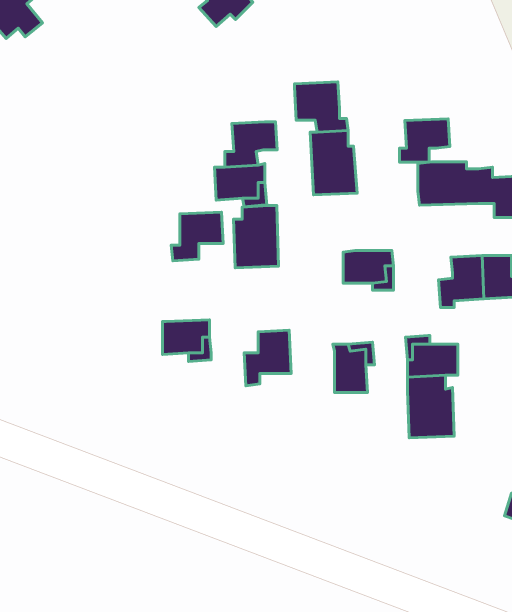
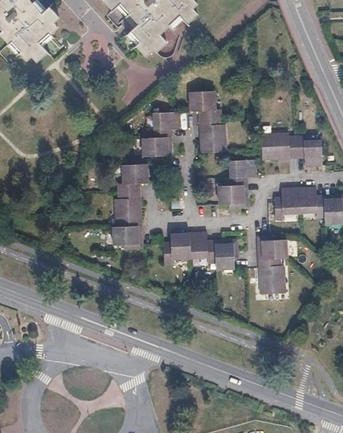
building: [400,119,450,162] -> [225,160,254,185]
building: [233,205,279,268] -> [115,190,141,226]
building: none -> [187,231,213,262]

